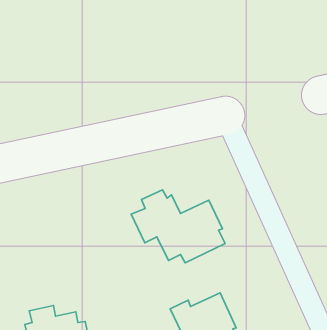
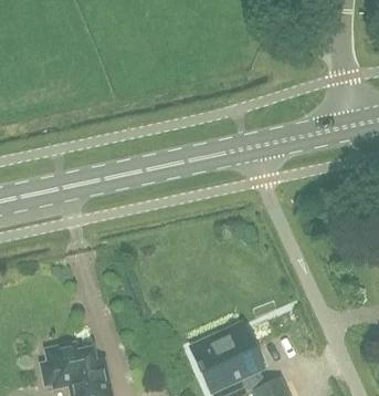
building: [131,190,225,263] -> none

